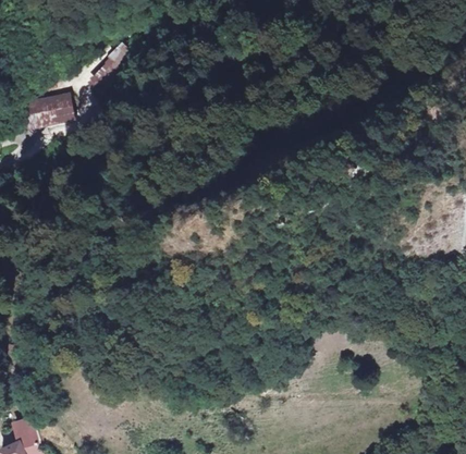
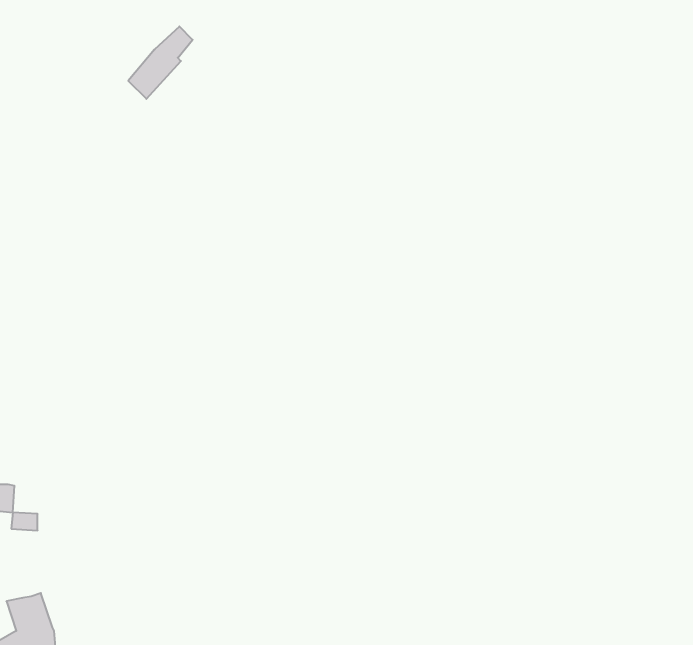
building: [23,93,72,123] -> none

